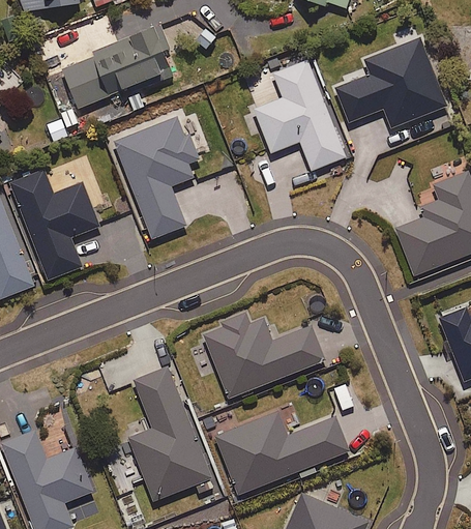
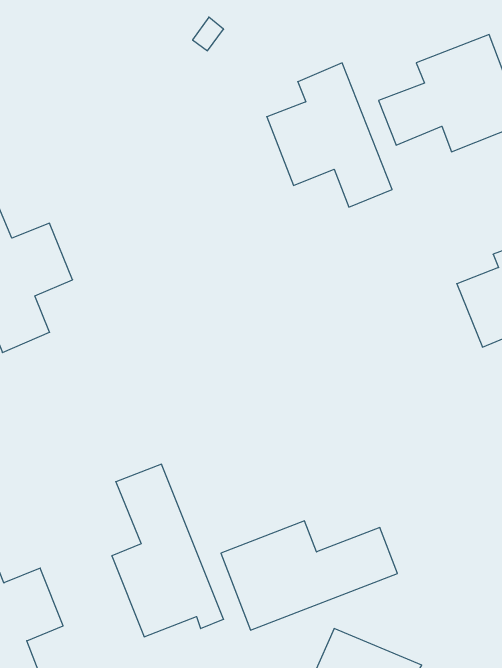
building: [62,25,173,108] -> none
building: [113,116,200,239] -> none
building: [203,314,326,399] -> none

